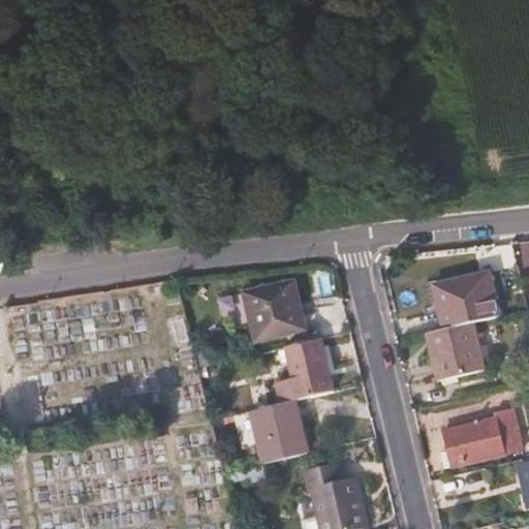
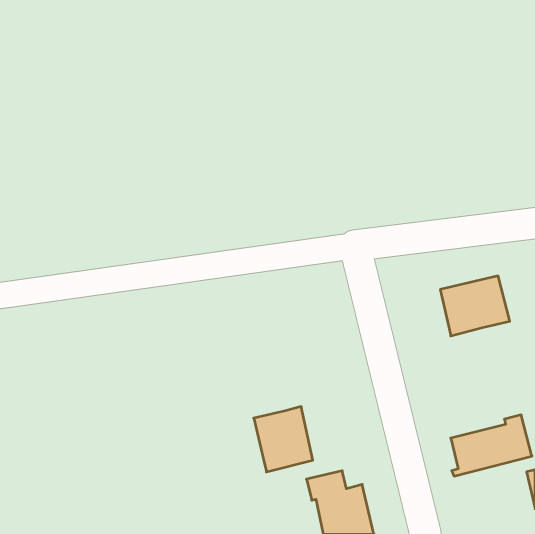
building: [243,280,303,340] -> none
building: [425,321,485,379] -> none
building: [275,339,334,403] -> none

